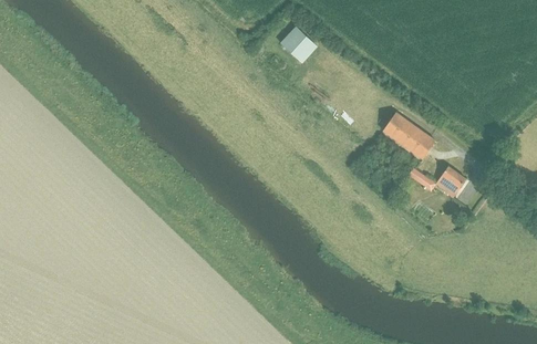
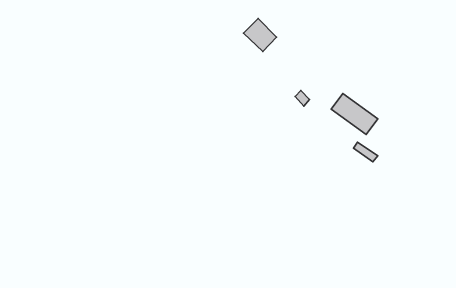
building: [435,165,465,197] -> none

